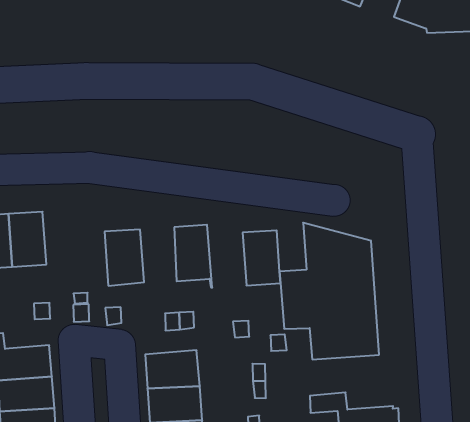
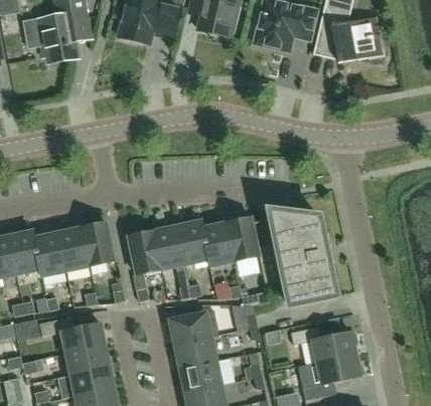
building: none -> [81,223,113,265]
building: none -> [199,221,234,265]
building: none -> [152,226,183,268]

